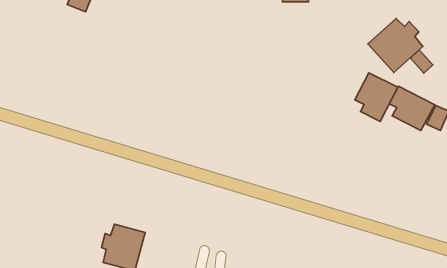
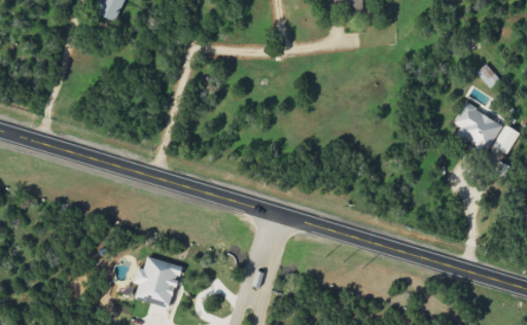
building: [368,18,423,73] -> none
building: [355,73,398,121] -> none

